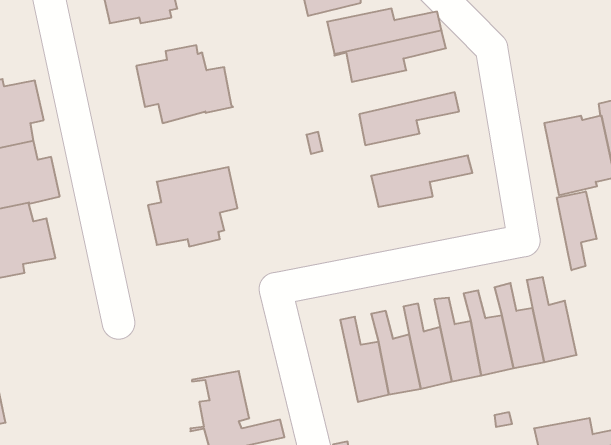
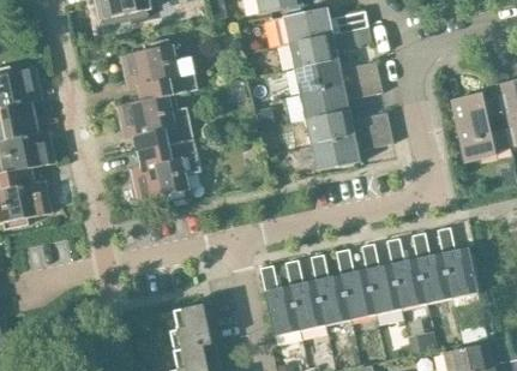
building: none -> [295,59,379,95]
building: none -> [115,92,194,150]
building: none -> [306,110,390,145]
building: [557,191,597,270] -> none
building: none -> [260,267,300,336]

